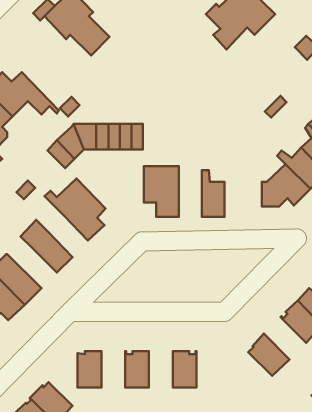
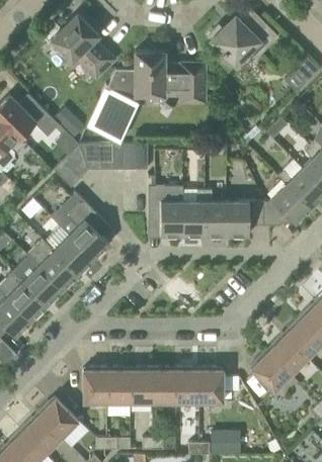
building: none -> [88,53,205,142]
building: none -> [182,191,205,237]
building: none -> [227,202,263,237]
building: none -> [54,236,93,276]
building: none -> [14,267,63,306]
building: none -> [265,335,307,376]
building: none -> [106,368,130,403]
building: none -> [153,368,176,403]
building: none -> [199,368,223,403]

